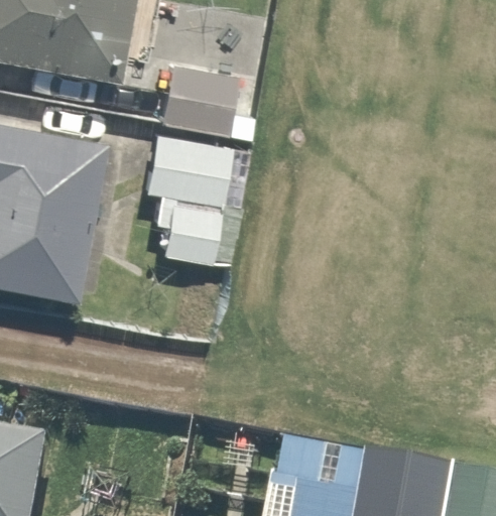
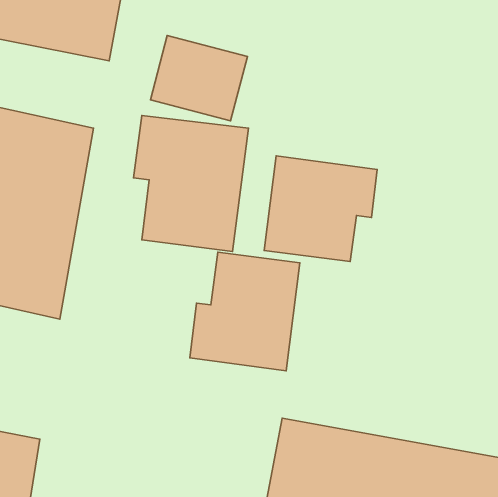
building: none -> [264,156,377,262]
building: none -> [190,252,300,371]

